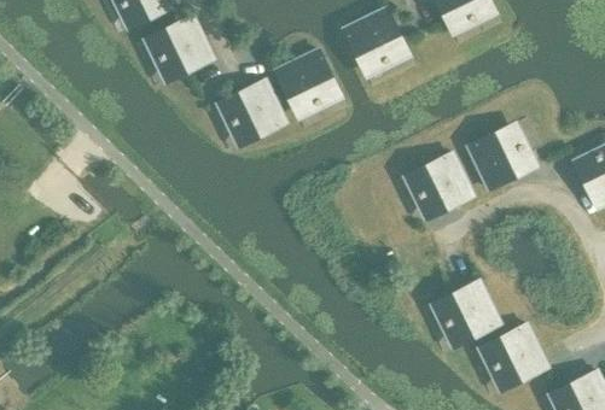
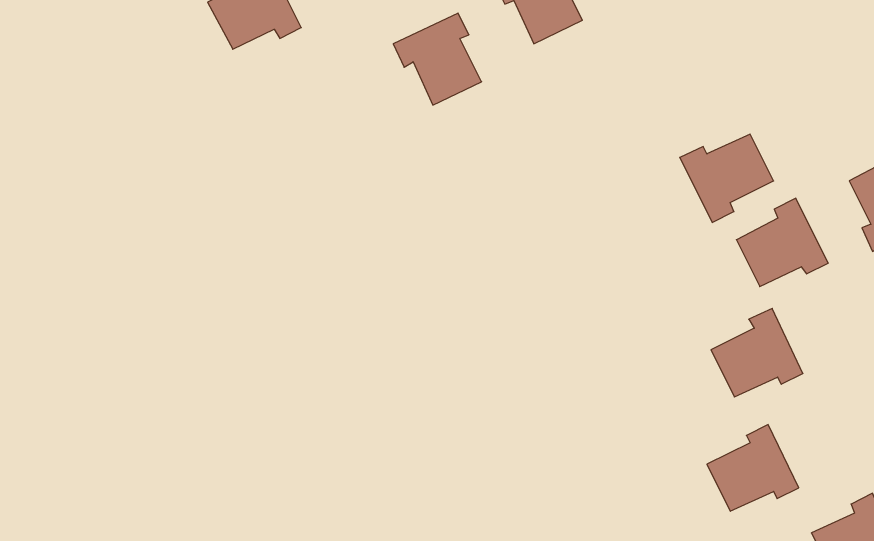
building: [223,81,285,140] -> none
building: [411,153,472,212] -> [736,198,828,287]
building: [437,281,499,340] -> [711,308,803,397]

